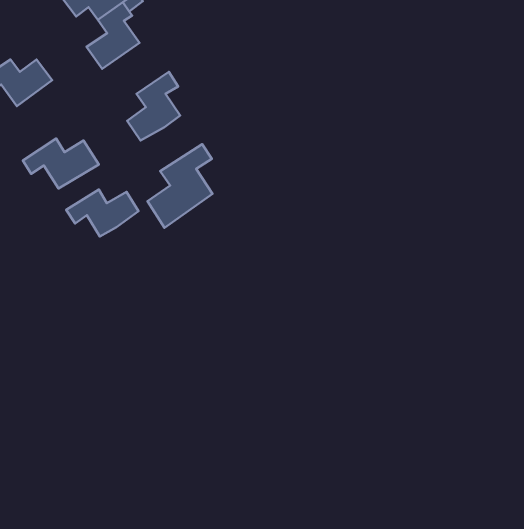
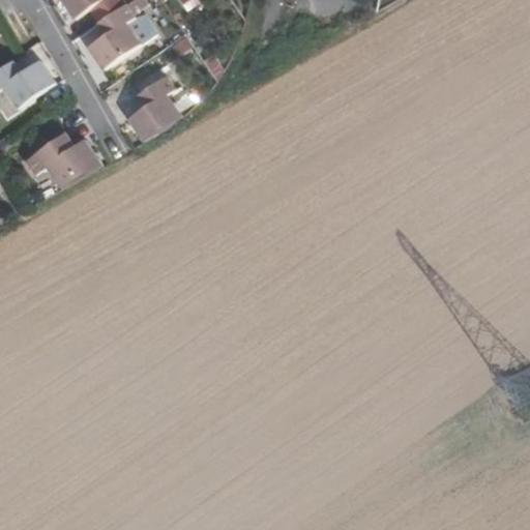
building: [147,144,213,228] -> none
building: [66,190,138,236] -> none

